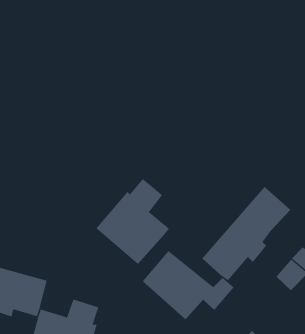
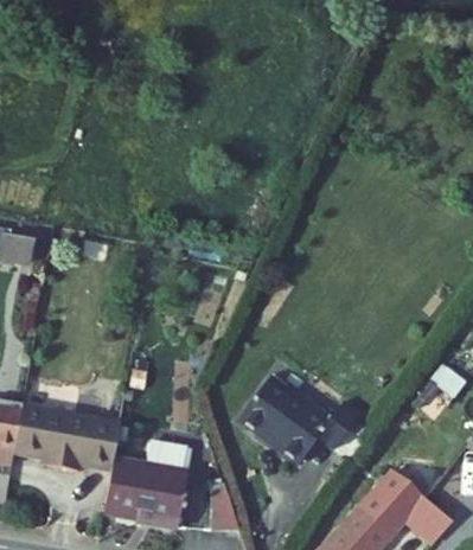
building: [95,178,170,265] -> none
building: [201,186,291,281] -> none

